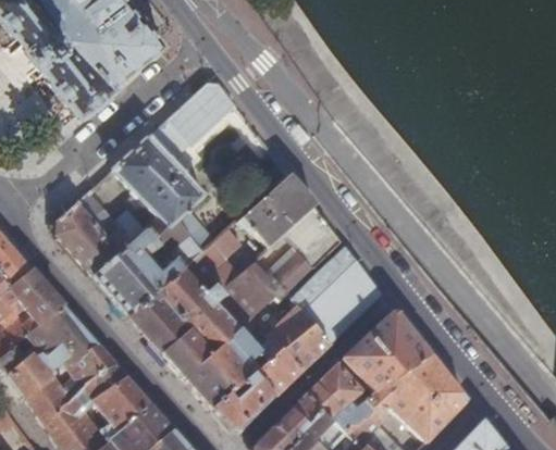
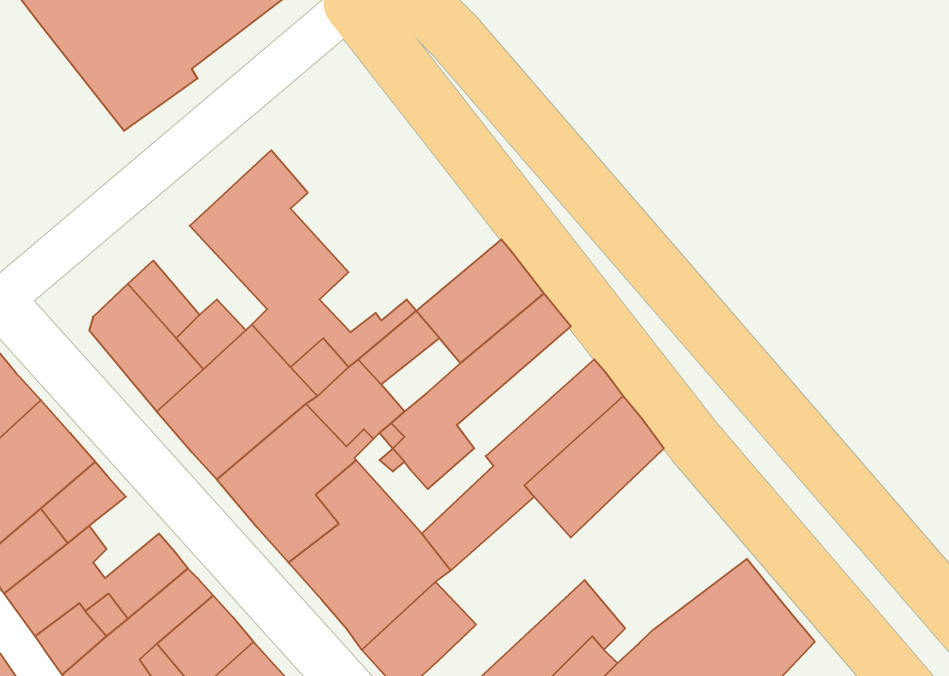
building: [160,85,236,151] -> none
building: [342,315,428,397] -> none
building: [58,322,97,367] -> none
building: [252,322,329,393] -> none

